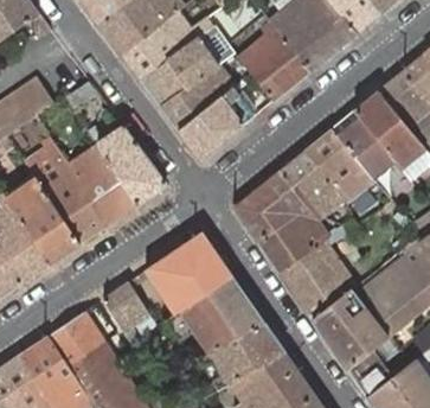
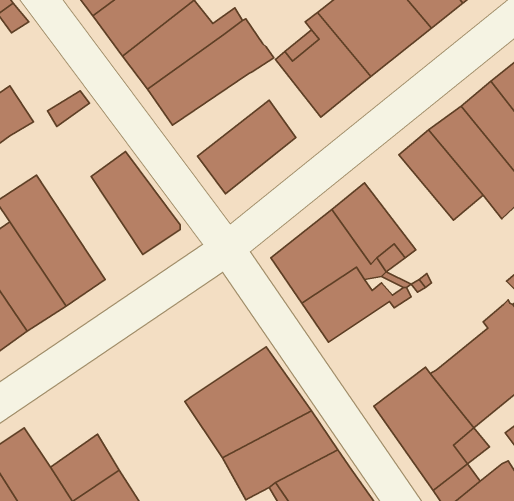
building: [160,66,233,129] -> none
building: [306,128,373,203] -> none
building: [70,145,137,223] -> none
building: [146,232,231,312] -> none
building: [278,240,357,319] -> none
building: [103,281,158,340] -> none
building: [47,312,103,365] -> none

